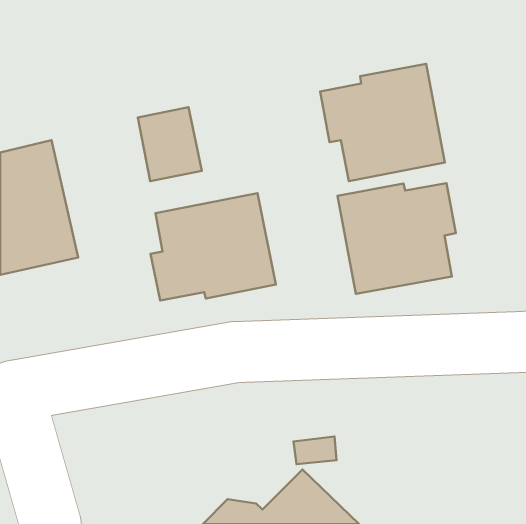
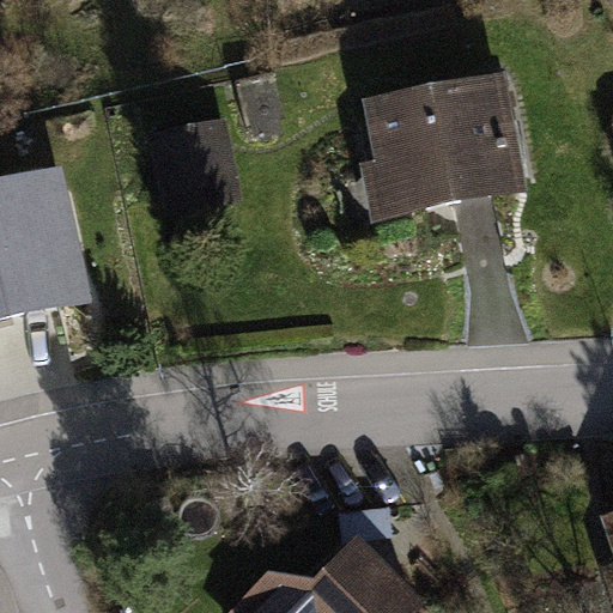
building: [337,183,456,294] -> none
building: [151,193,276,300] -> none

